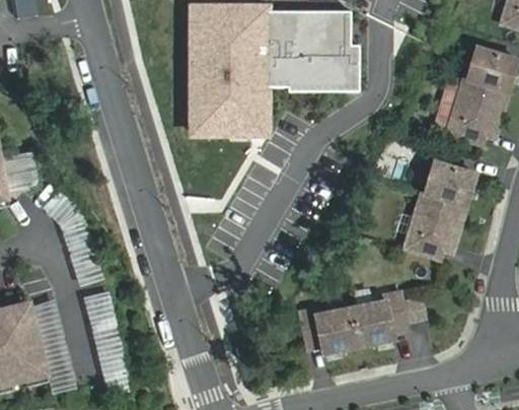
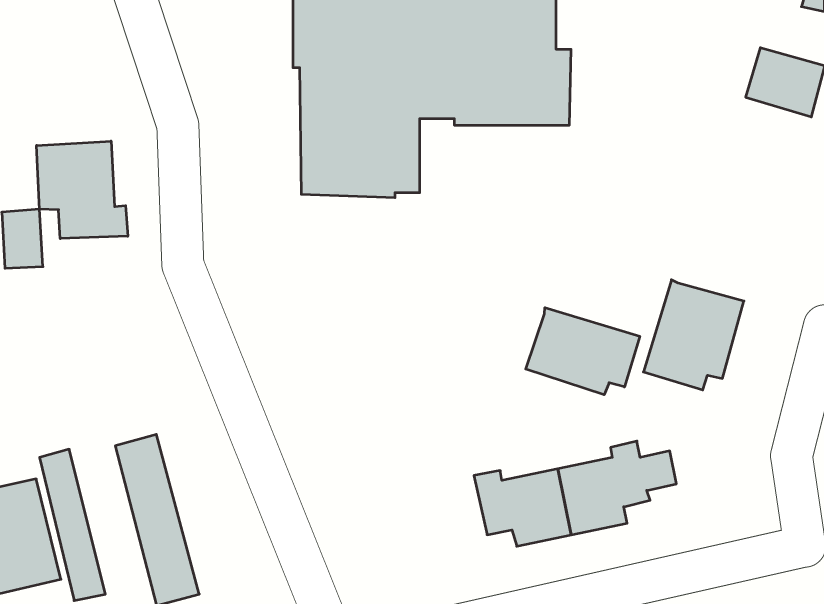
building: [446,74,508,141] -> none
building: none -> [37,141,128,239]
building: [426,158,475,201] -> none
building: none -> [526,308,640,395]

